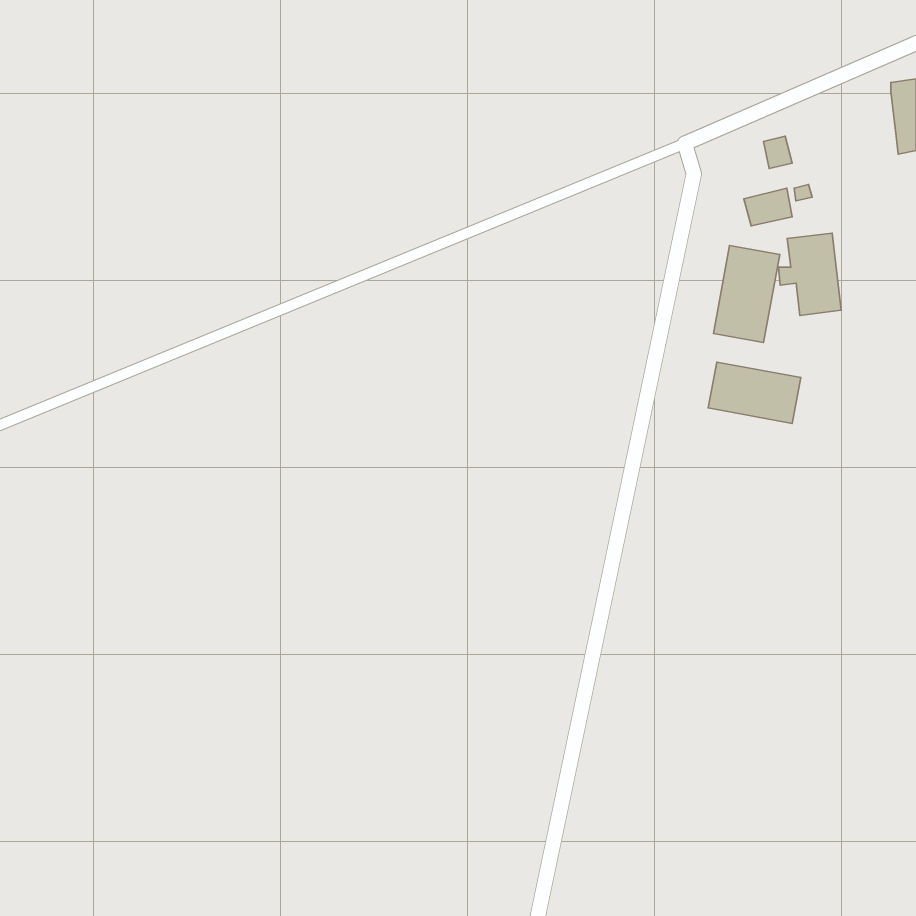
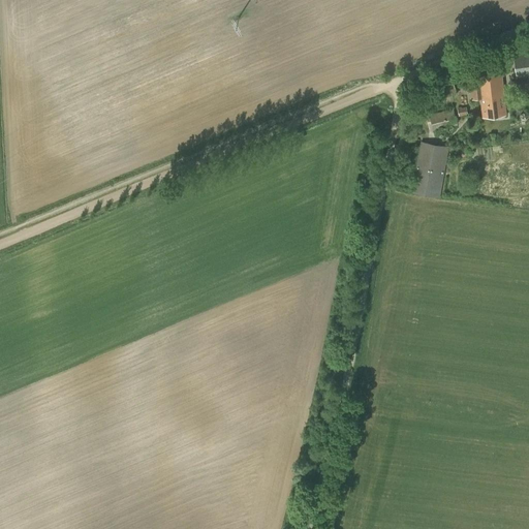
building: [778,233,841,315] -> [470,69,506,117]
building: [708,362,801,423] -> none

